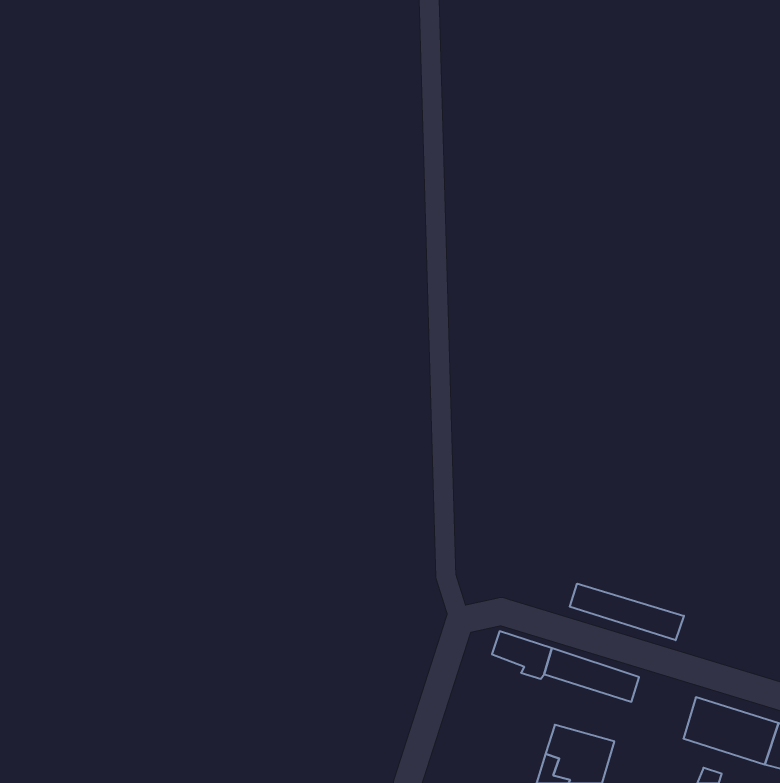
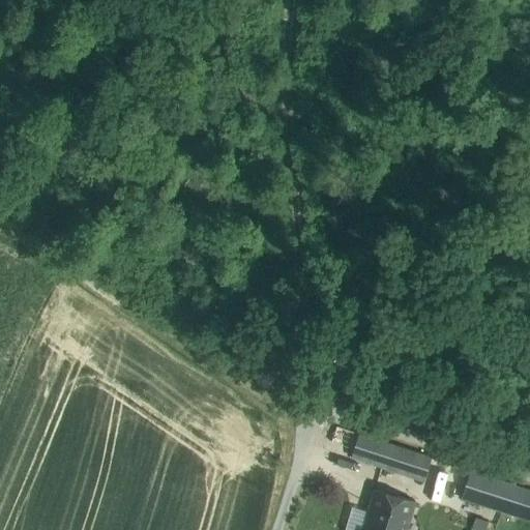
building: [570,584,684,640] -> none

